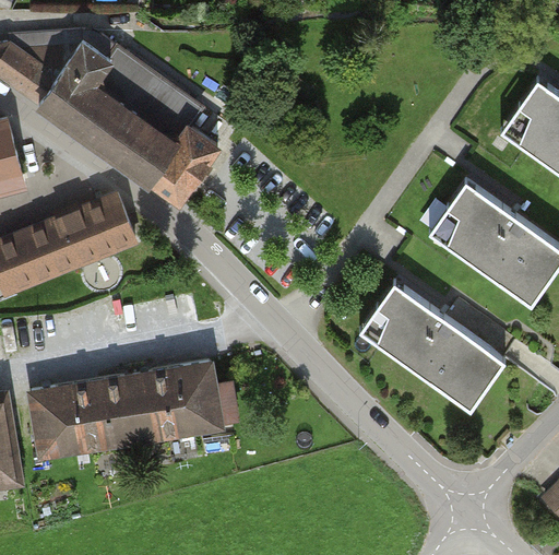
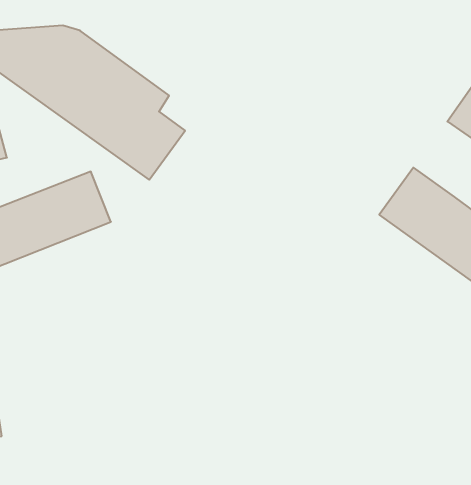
building: [367,290,506,410] -> none
building: [27,362,223,460] -> none

